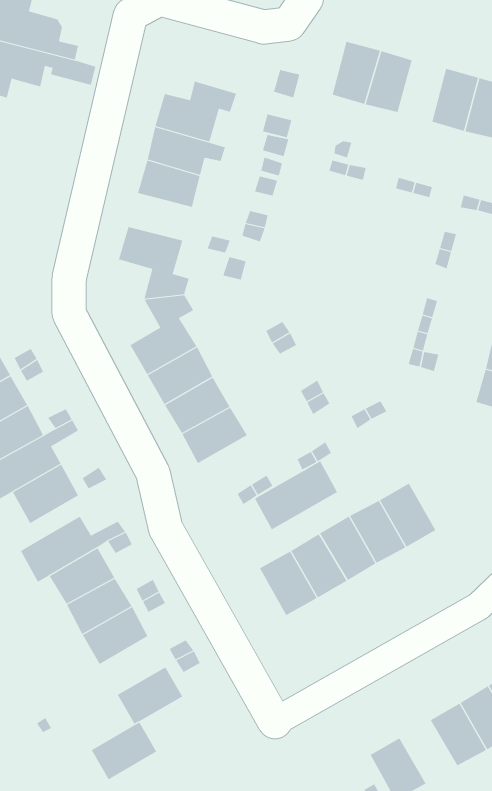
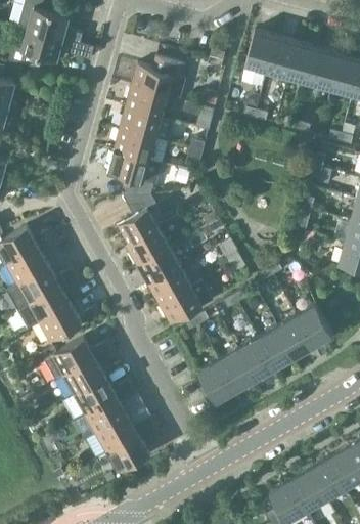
building: none -> [288,44,319,84]
building: none -> [114,130,155,161]
building: [254,460,338,530] -> [159,280,213,325]
building: none -> [296,306,333,348]
building: none -> [289,471,326,512]
building: [91,722,157,780] -> [95,417,138,454]

